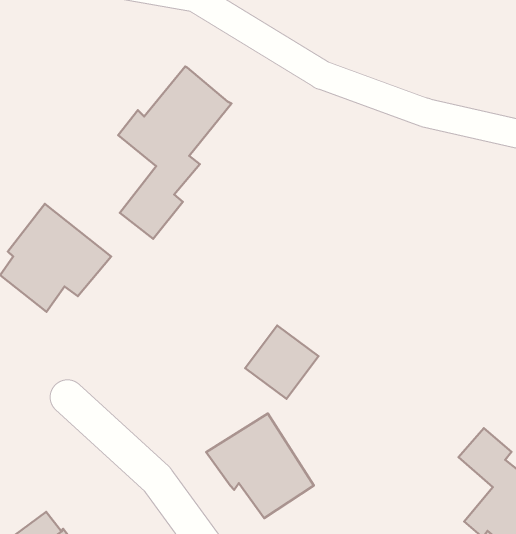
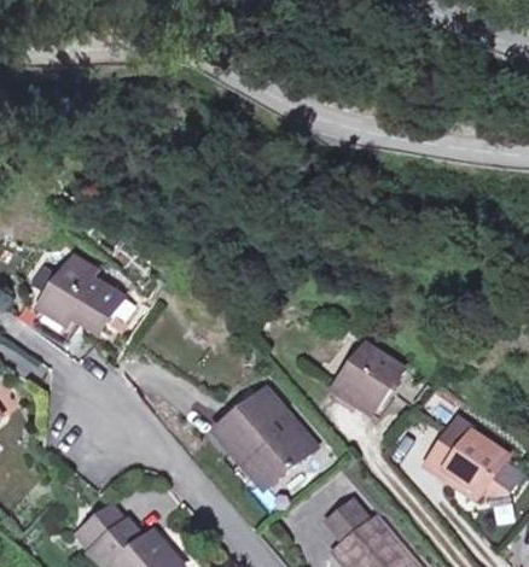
building: [118,67,232,239] -> none
building: [245,326,319,399] -> [335,351,396,413]

